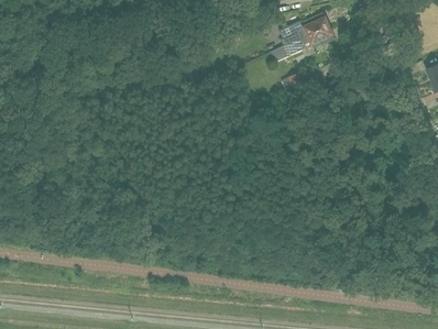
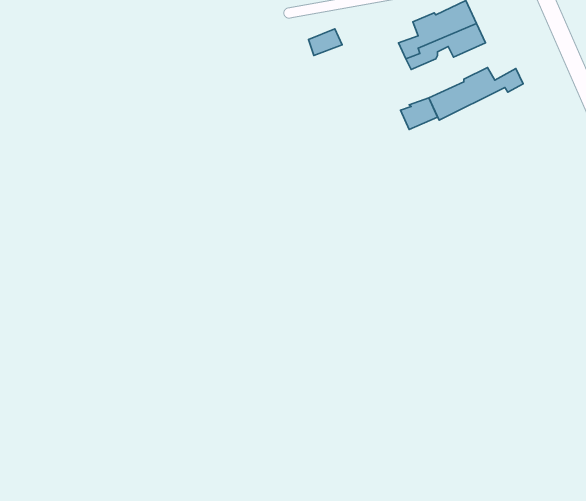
building: none -> [429,67,523,120]

